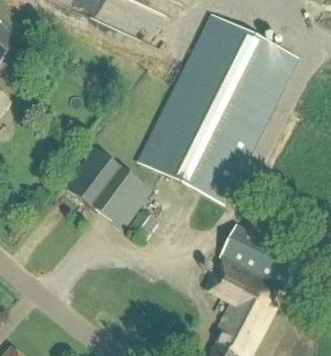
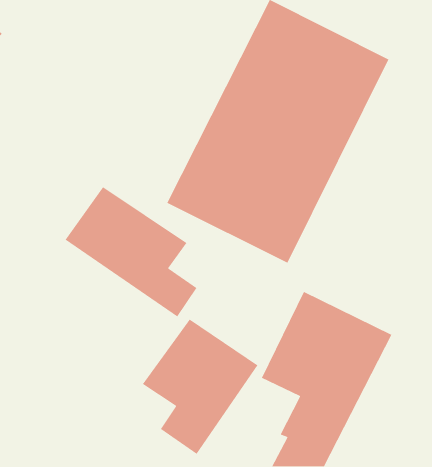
building: none -> [142,319,259,455]

